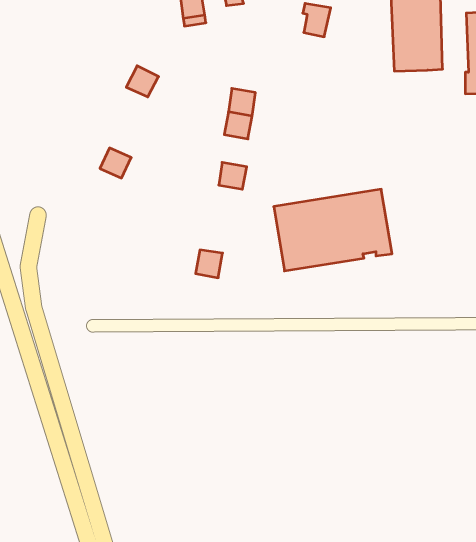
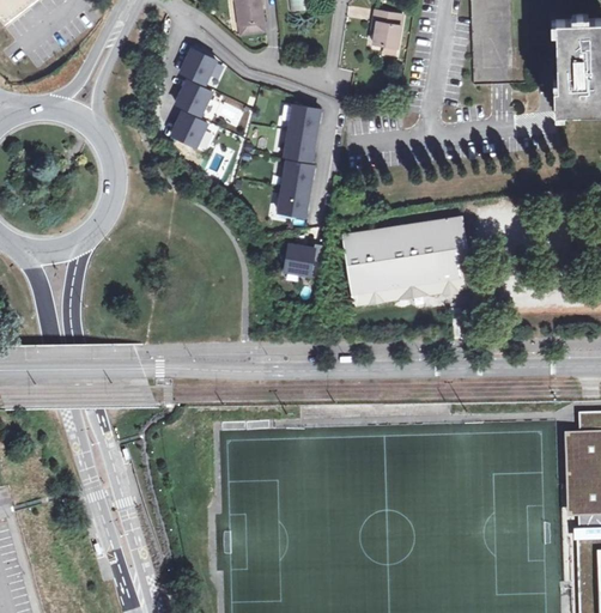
building: none -> [181,47,217,81]
building: none -> [283,160,314,190]
building: [100,148,131,178] -> [172,110,207,144]
building: [196,250,223,278] -> [284,244,314,275]

